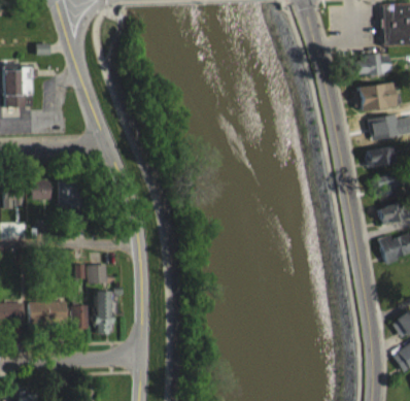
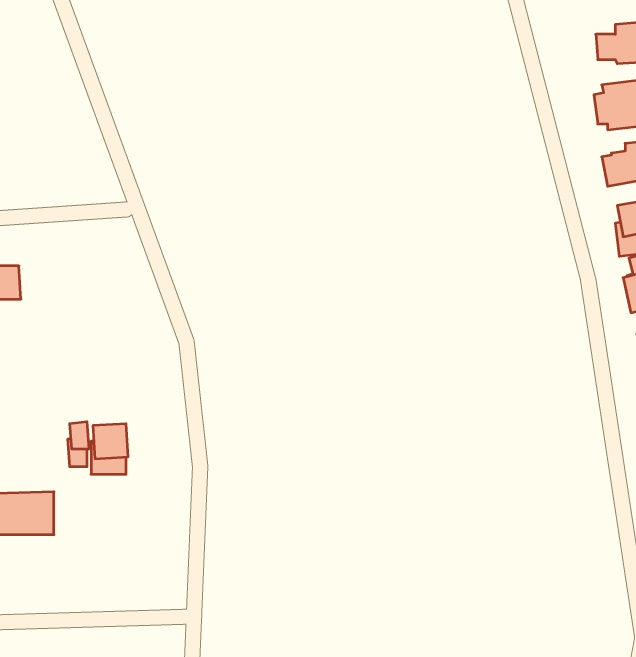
building: [60,179,83,206] -> none
building: [95,291,114,333] -> none
building: [73,305,90,335] -> none

